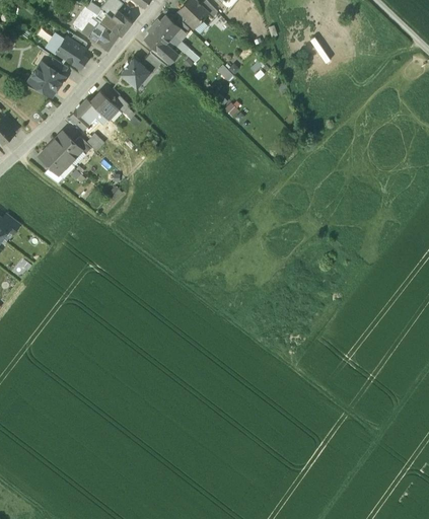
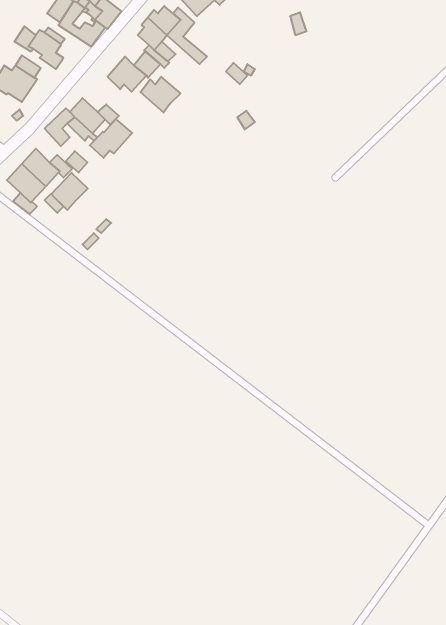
building: none -> [140,77,180,113]
building: none -> [90,119,132,158]
building: none -> [51,173,88,210]

